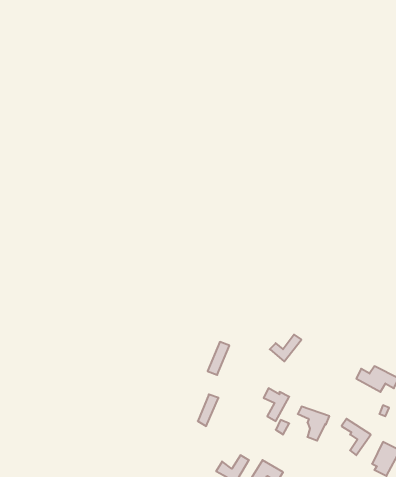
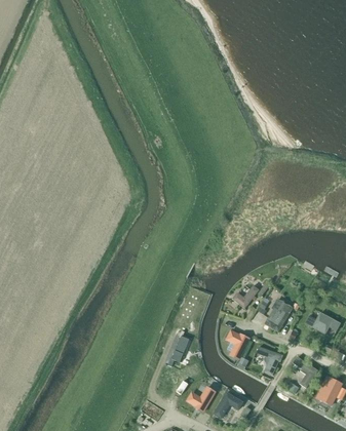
building: none -> [264,300,293,331]

